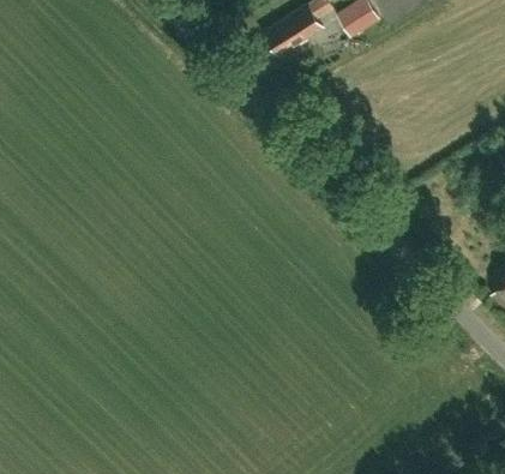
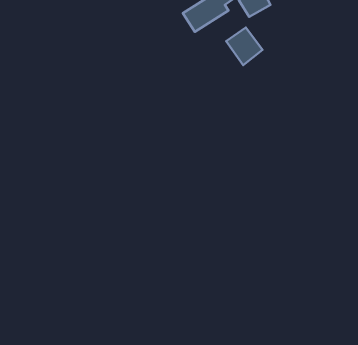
building: none -> [226,27,263,65]

